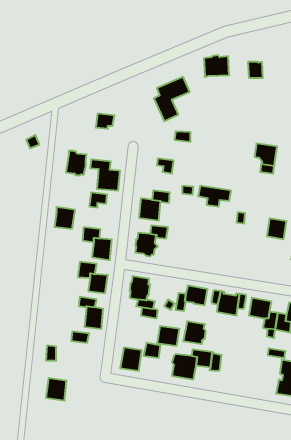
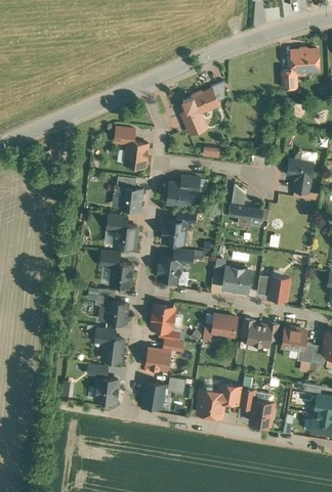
building: [204,55,229,77] -> [291,48,319,72]
building: [66,151,87,175] -> [125,140,148,167]
building: none -> [167,182,189,206]
building: [54,207,75,229] -> [115,224,137,248]
building: [267,218,287,239] -> [266,275,288,298]
building: none -> [220,268,250,296]
building: [183,321,206,344] -> [250,400,275,424]
building: [157,326,180,346] -> [146,348,170,369]
building: [46,378,67,401] -> [95,377,118,402]

